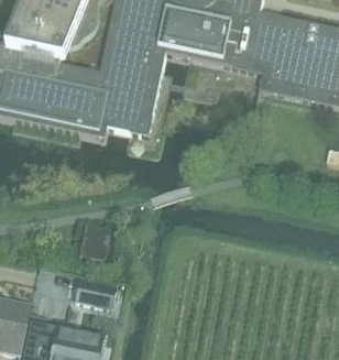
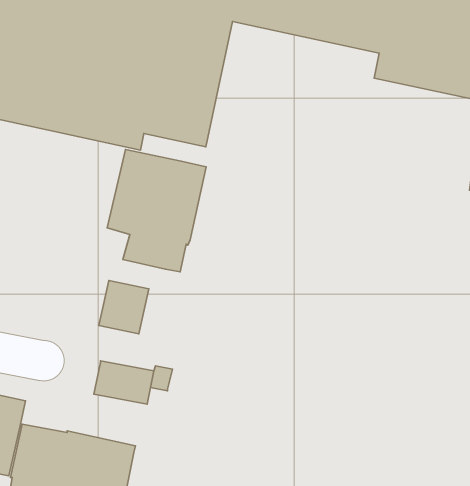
building: none -> [107,150,206,272]

